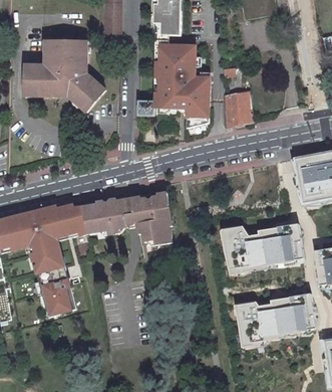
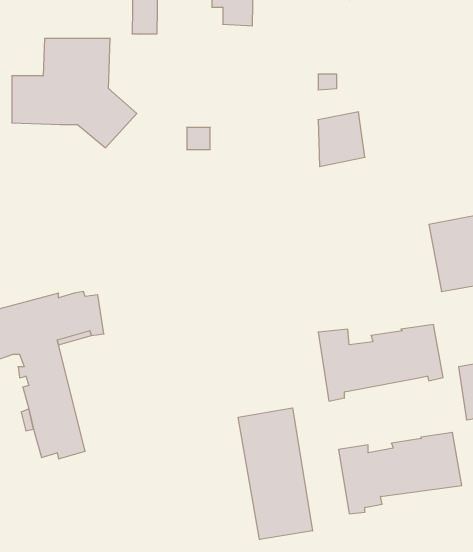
building: [155,41,210,126] -> none
building: [81,192,173,242] -> none
building: none -> [238,408,313,540]

